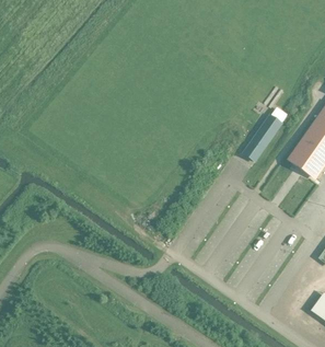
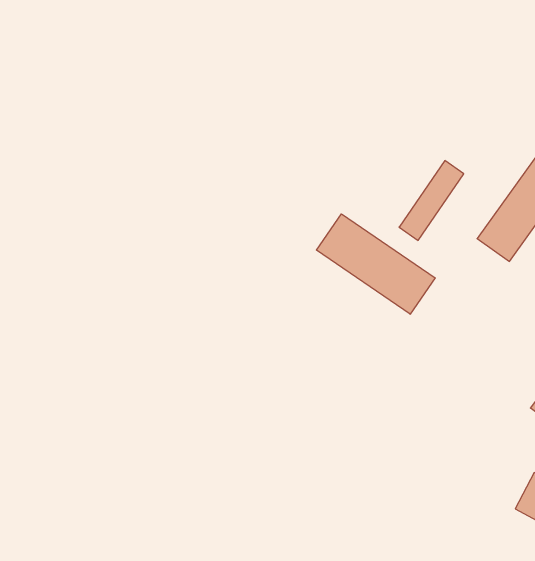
building: none -> [316,214,435,314]

